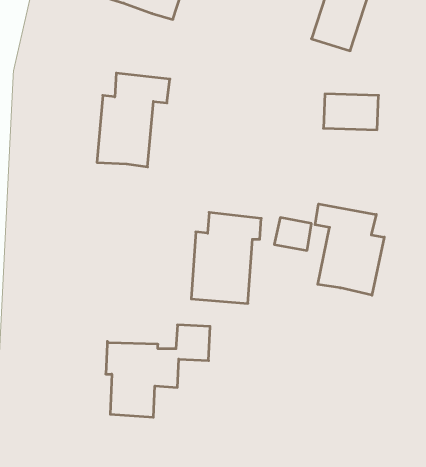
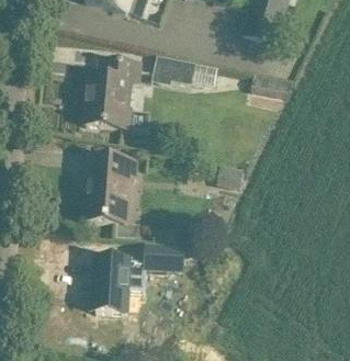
building: none -> [153,54,195,81]
building: [315,204,384,295] -> none
building: [191,212,261,303] -> [84,156,136,223]

